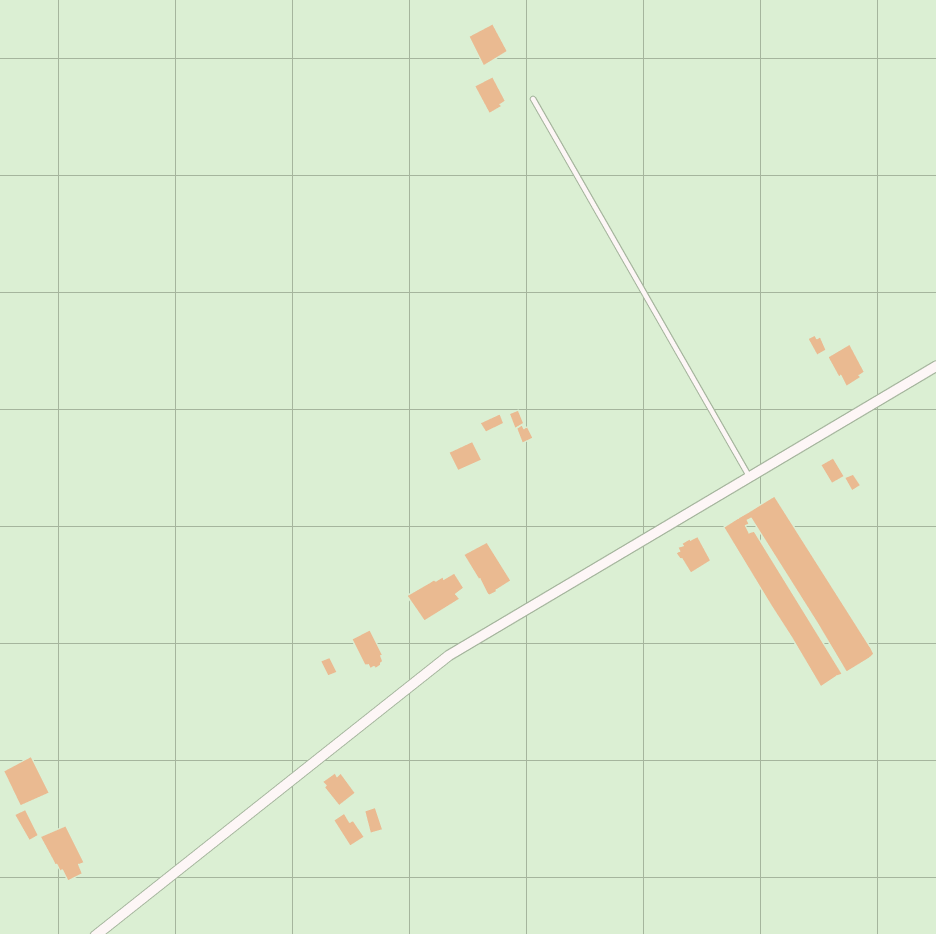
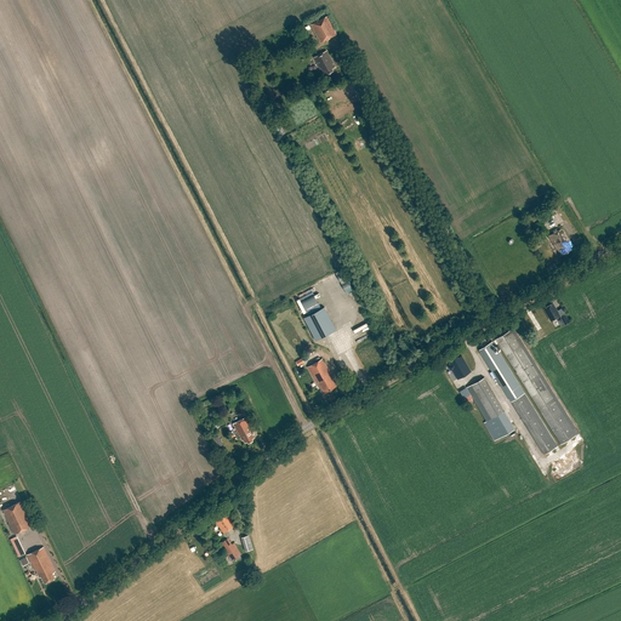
building: none -> [303,308,336,342]
building: none -> [467,378,514,441]
building: [407,573,464,621] -> none

